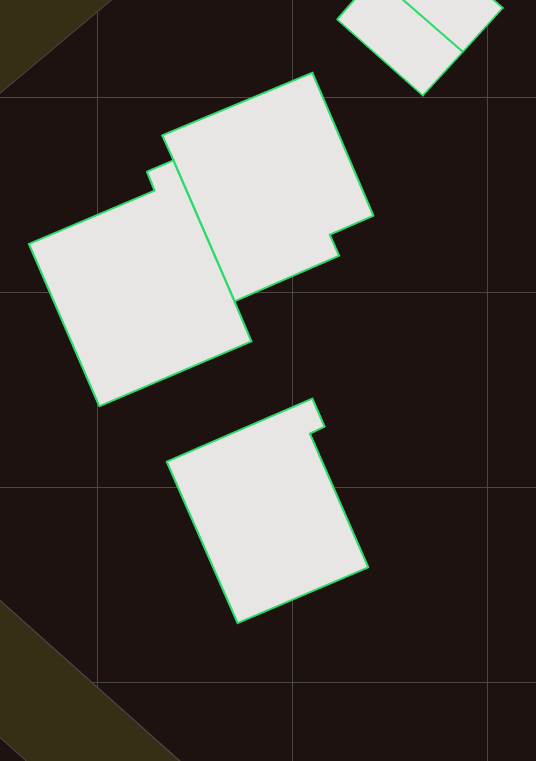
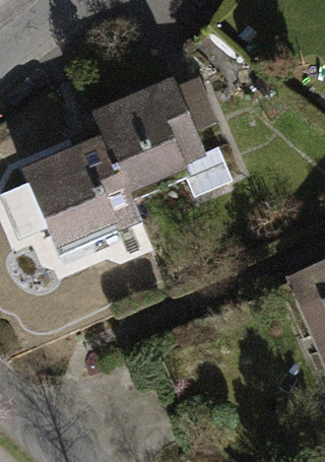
building: [167,398,368,623] -> none

